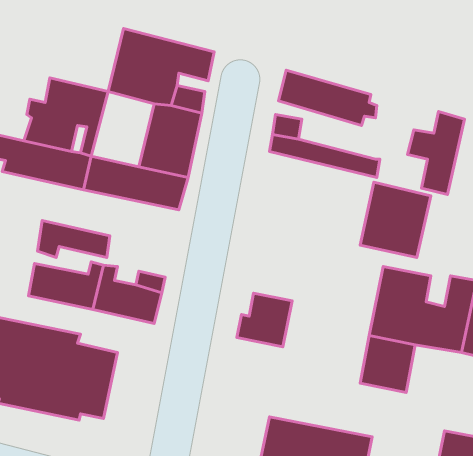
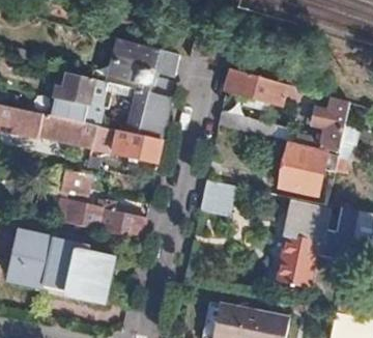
building: [237,293,292,347] -> [198,179,235,216]

